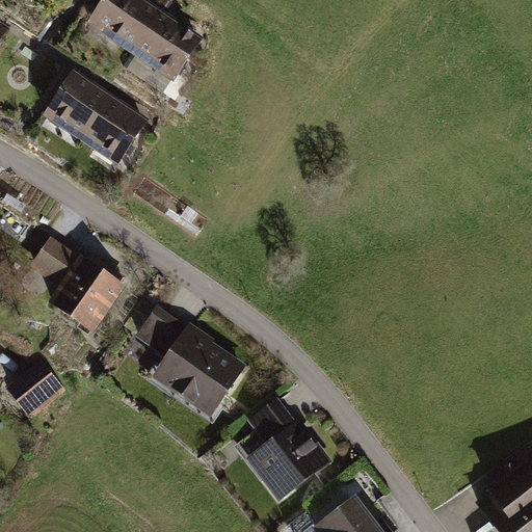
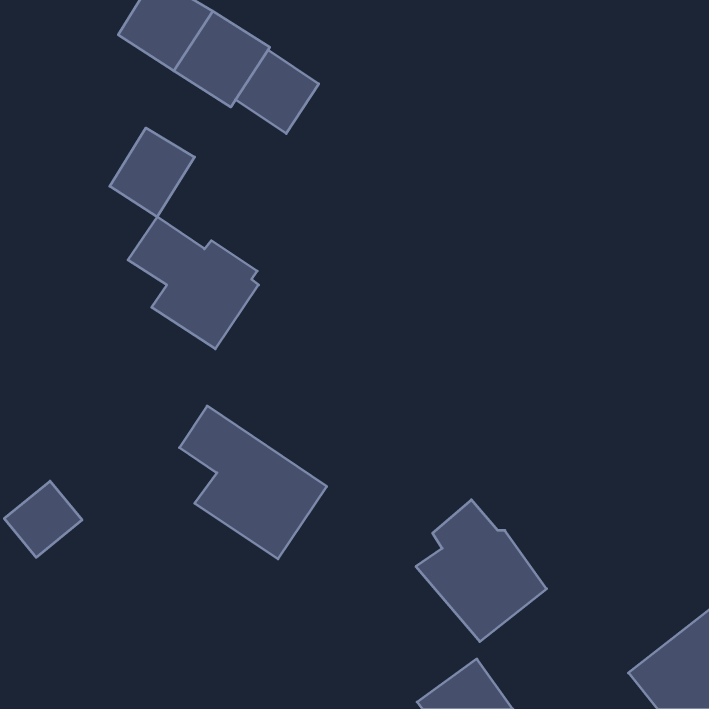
building: none -> [235,50,319,134]
building: [44,71,110,139] -> none
building: [27,236,125,335] -> [128,217,259,349]
building: [233,396,330,502] -> [416,500,547,642]

